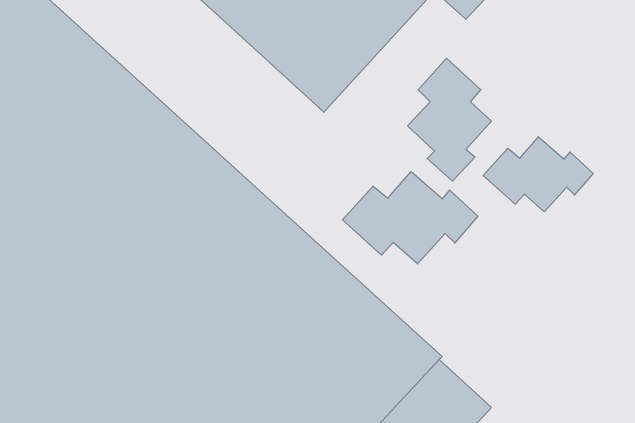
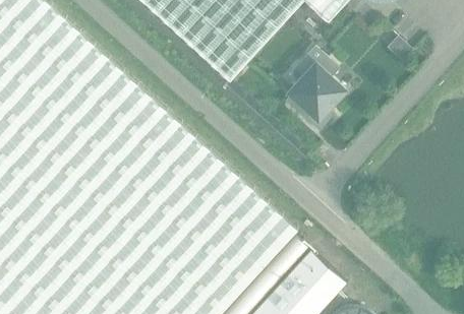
building: [483,137,593,212] -> none
building: [342,172,478,264] -> none

